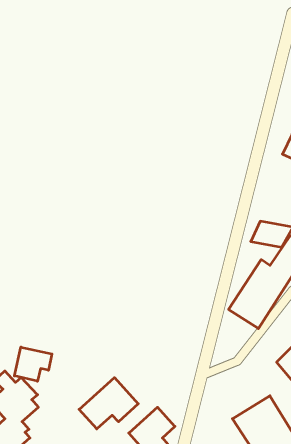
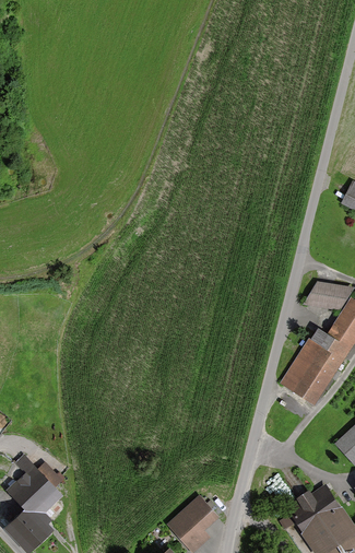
building: [14,347,52,381] -> none
building: [79,378,138,429] -> none

